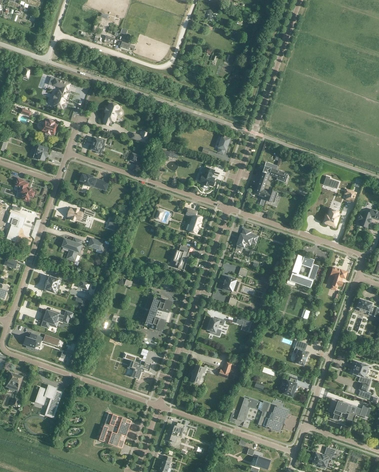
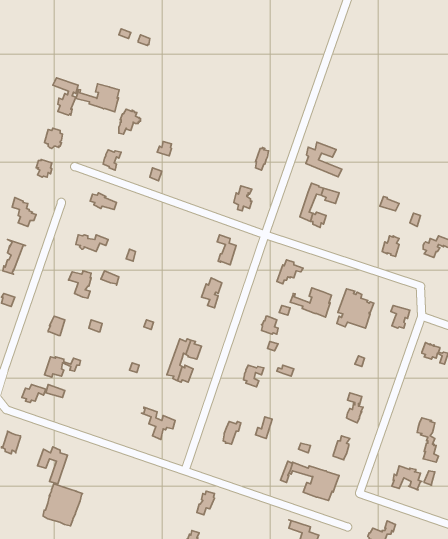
building: none -> [76,84,119,112]
building: none -> [306,142,342,177]
building: none -> [290,288,332,317]
building: [98,412,131,447] -> [43,484,83,526]

